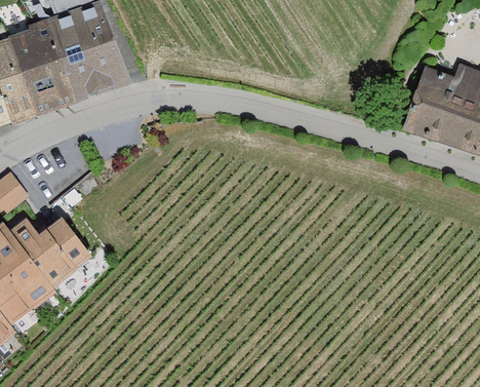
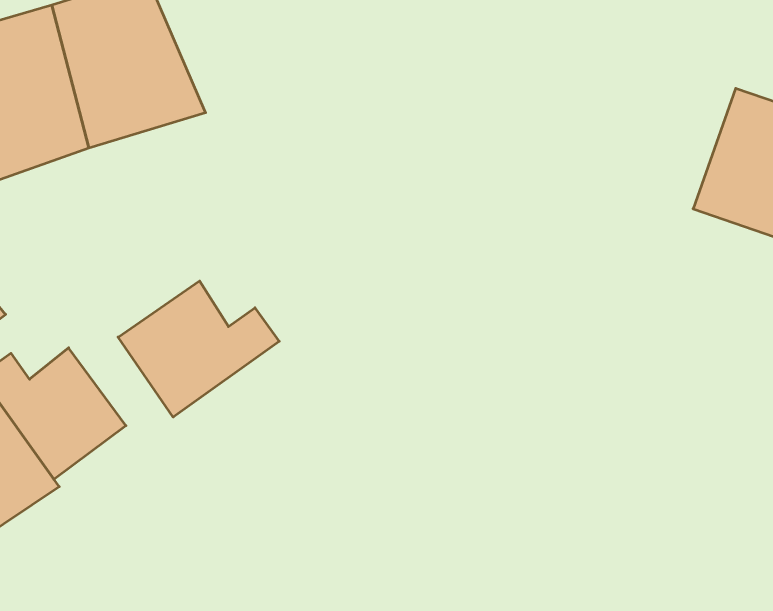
building: none -> [118,281,279,417]

